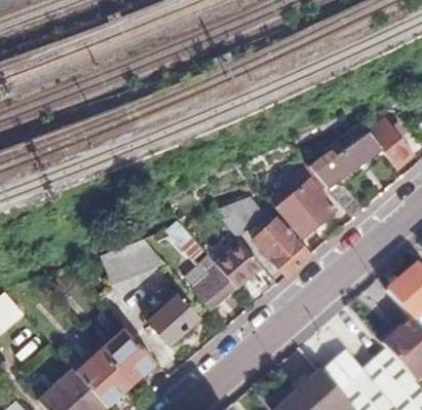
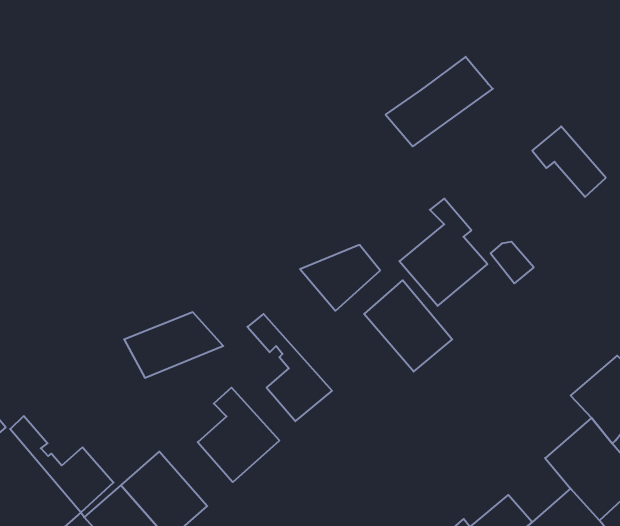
building: [307,128,376,186] -> [386,57,493,146]
building: [215,239,261,288] -> none
building: none -> [10,416,114,512]

